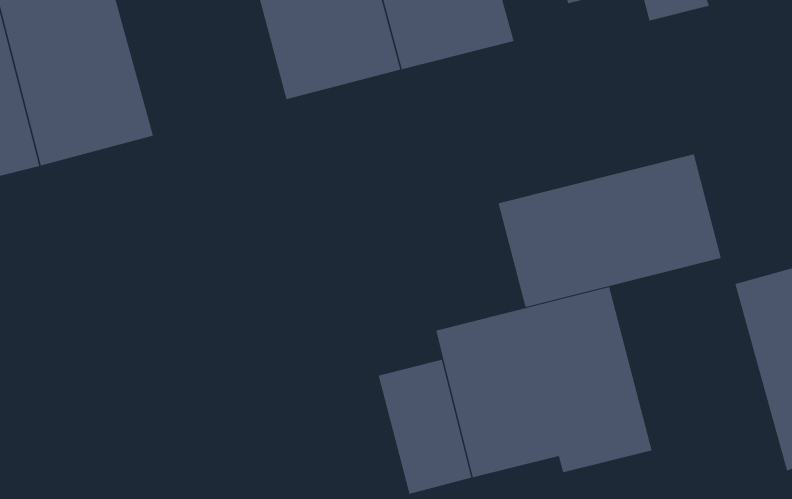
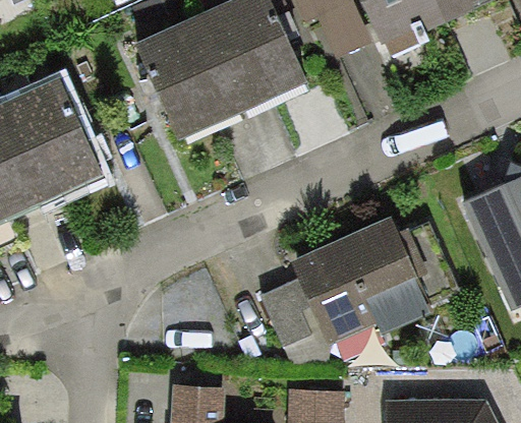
building: [498,153,721,308] -> none

